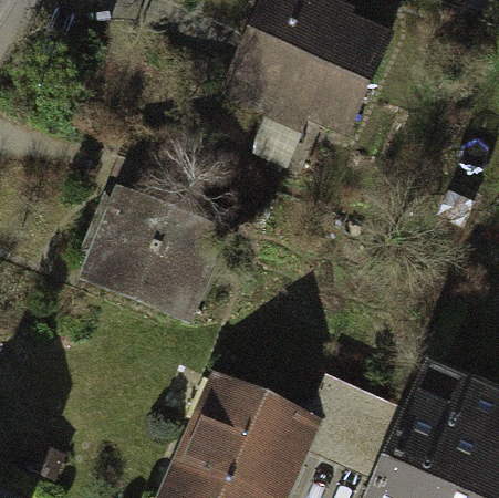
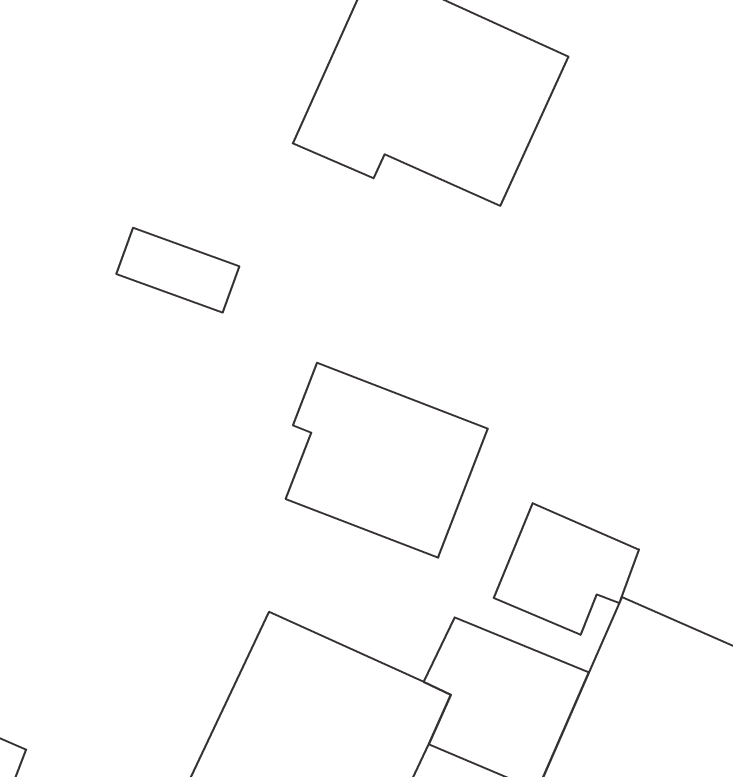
building: [94,196,216,313] -> [286,363,488,558]
building: none -> [494,503,639,635]

